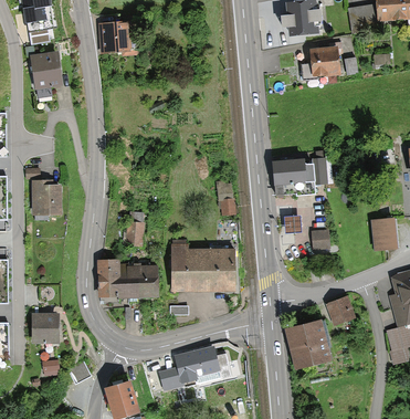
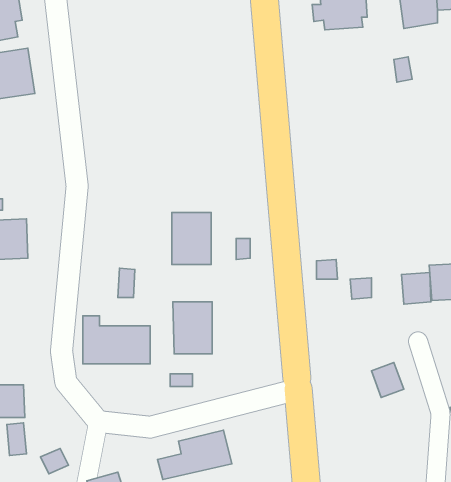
building: [101,22,125,51] -> none
building: [302,45,340,78] -> none
building: [274,160,315,184] -> none
building: none -> [402,272,431,304]
building: [202,248,233,289] -> [172,212,211,264]
building: [288,320,328,366] -> none

